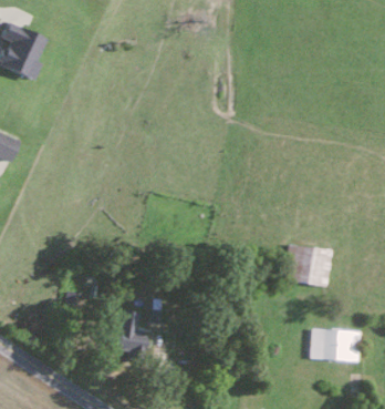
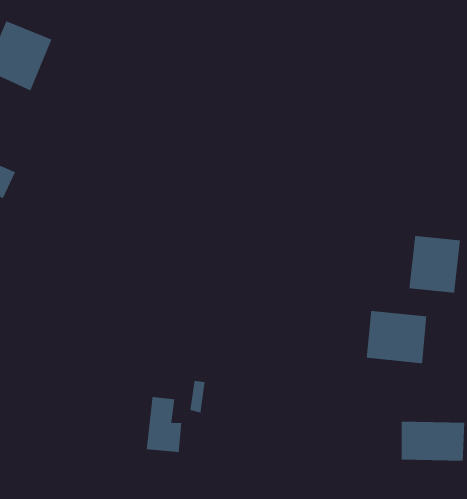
building: none -> [409,235,461,293]

